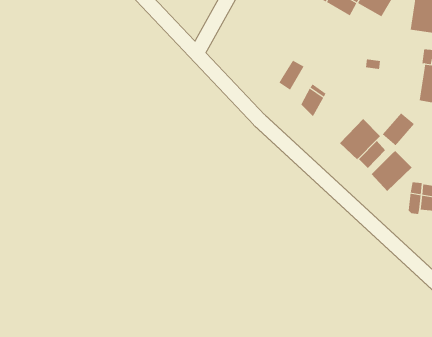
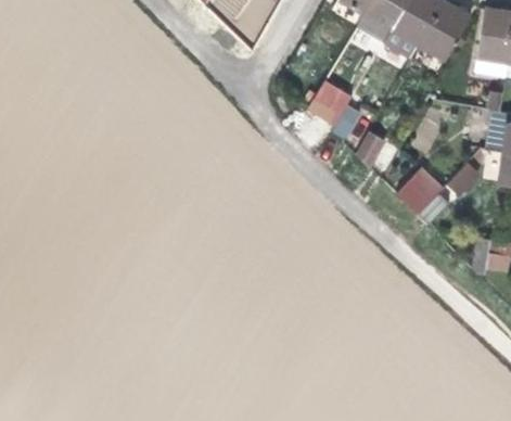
building: none -> [307,79,352,124]
building: [371,150,412,192] -> none

